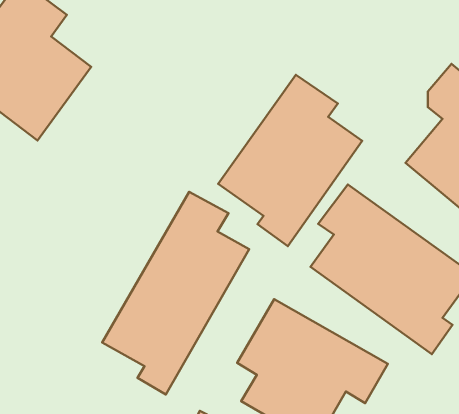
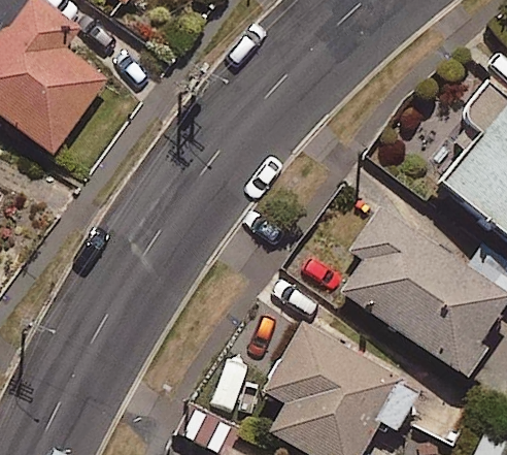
building: [218,75,362,246] -> none
building: [102,192,249,395] -> none

